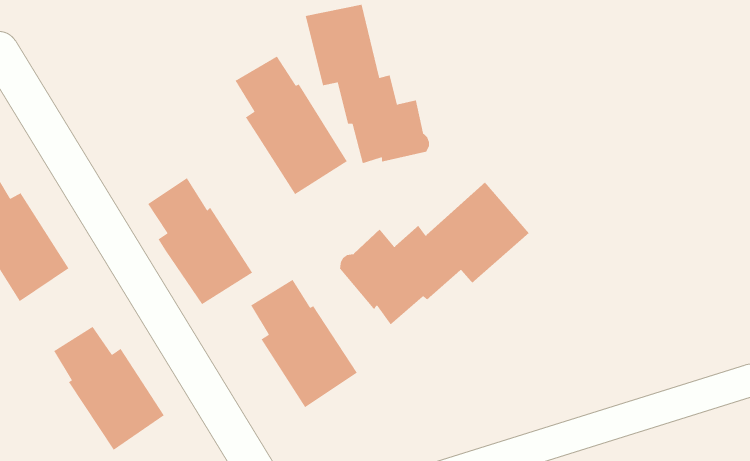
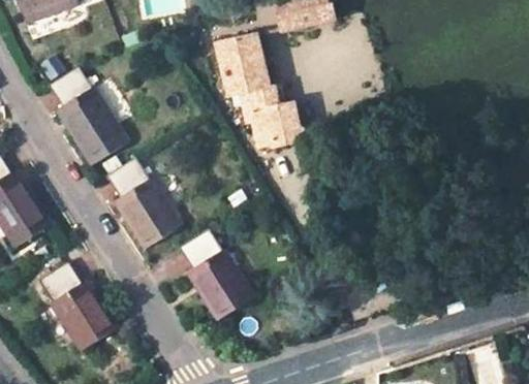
building: [235,56,348,195] -> [46,67,126,165]
building: [339,181,530,326] -> none

